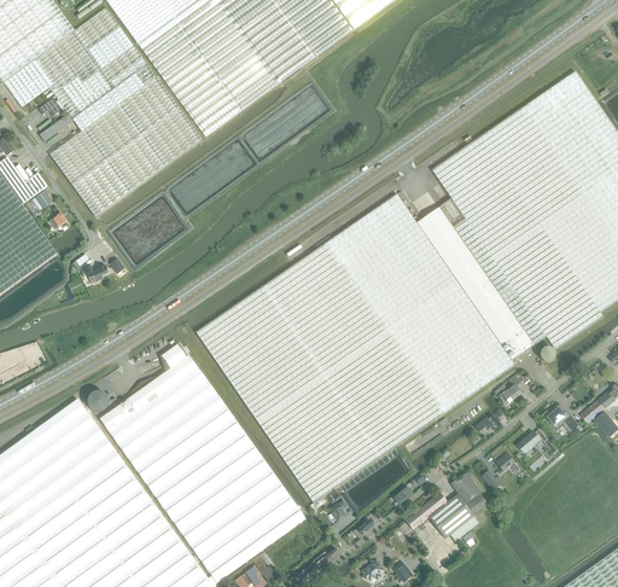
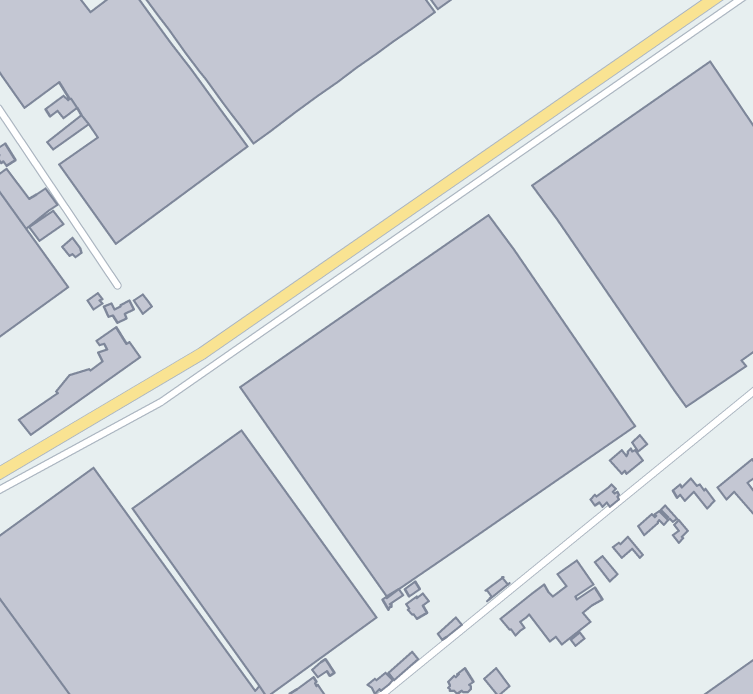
building: [416,197,546,359] -> none
building: [99,343,197,430] -> [19,327,140,435]

